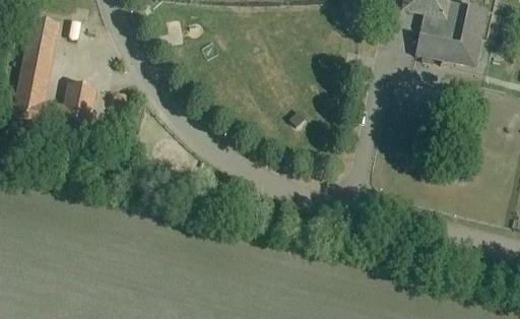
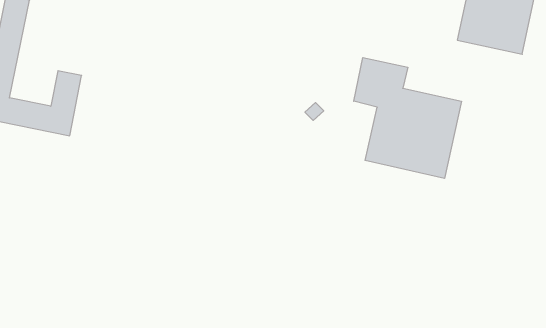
building: none -> [354,58,461,178]

